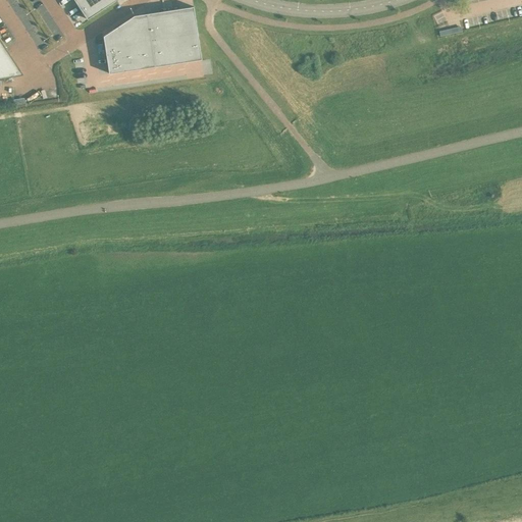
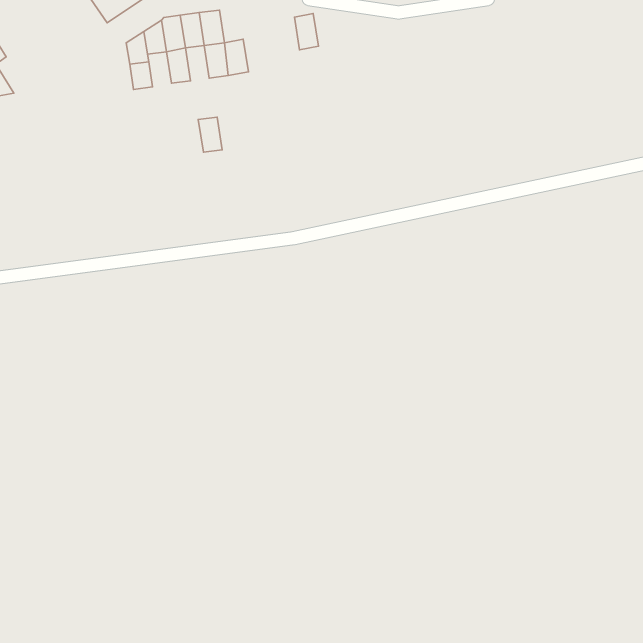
building: [177,5,197,35] -> [294,13,318,50]
building: [150,37,169,65] -> [198,117,222,152]
building: [119,42,139,70] -> none

